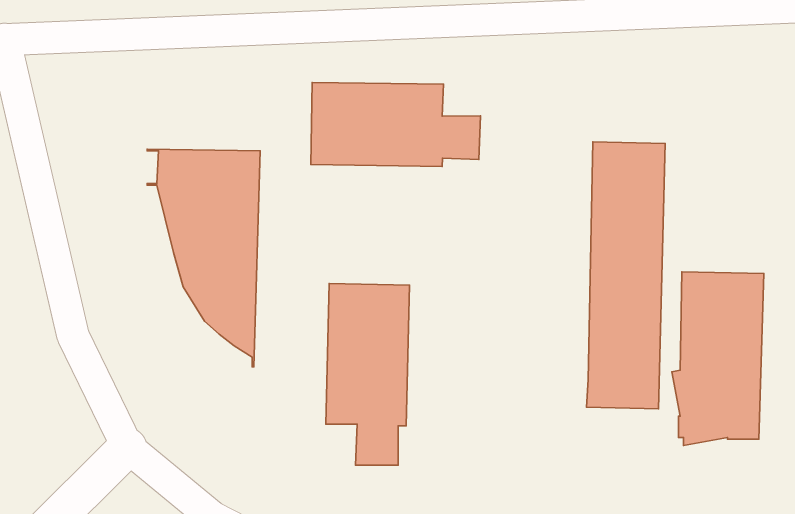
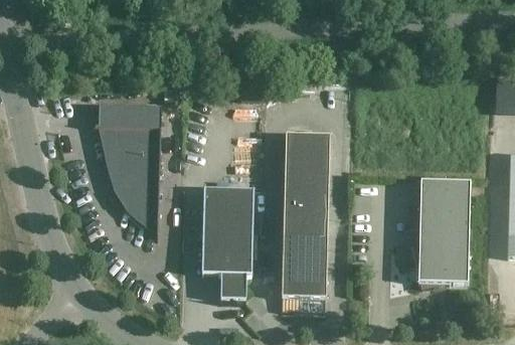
building: [311,82,480,166] -> none
building: [586,142,665,409] -> [281,133,329,297]

